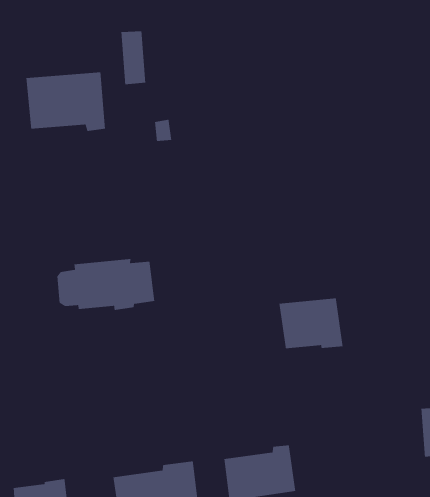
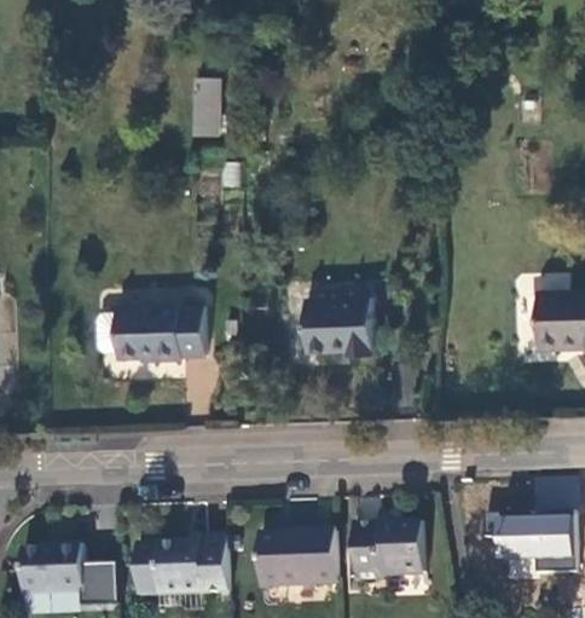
building: [25,72,106,132] -> none
building: [278,298,343,349] -> [307,304,375,359]
building: none -> [353,522,427,578]

